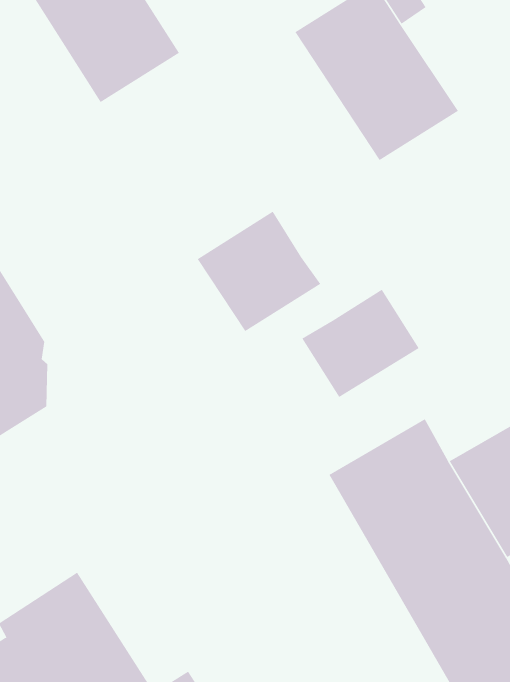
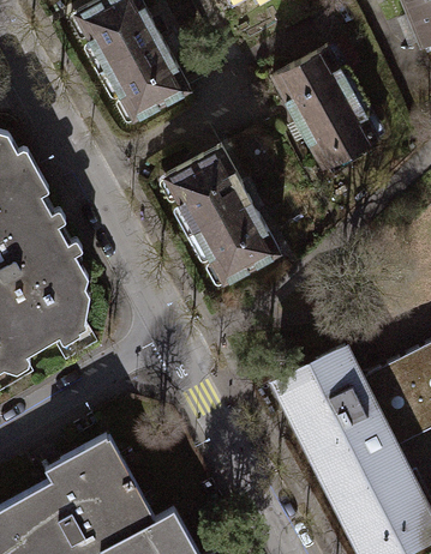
building: none -> [162,150,246,231]
building: [301,289,420,398] -> none

